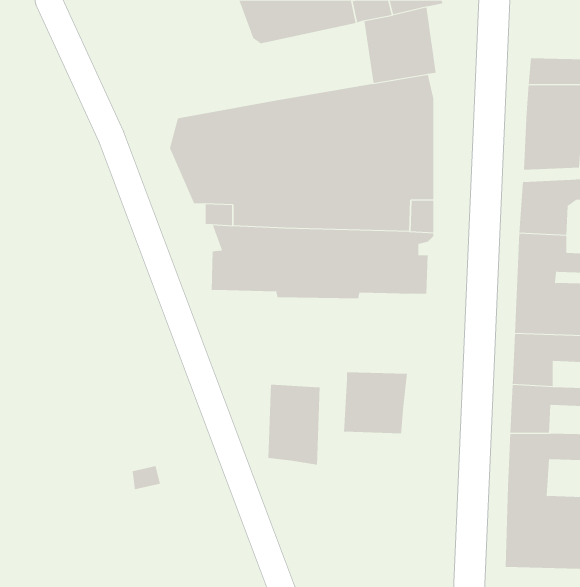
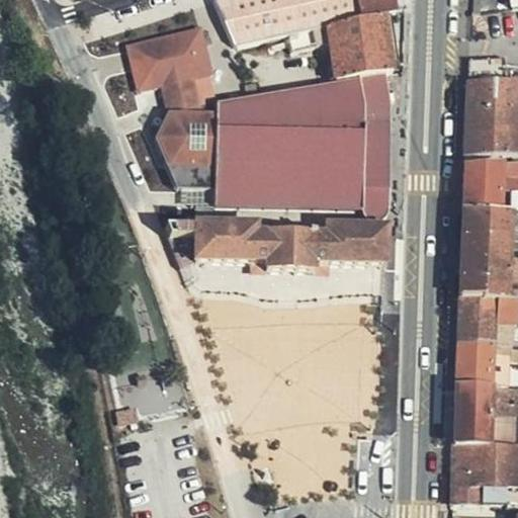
building: none -> [124,20,214,107]
building: [344,372,408,434] -> none
building: [268,384,320,466] -> none

